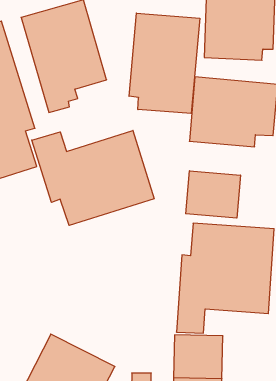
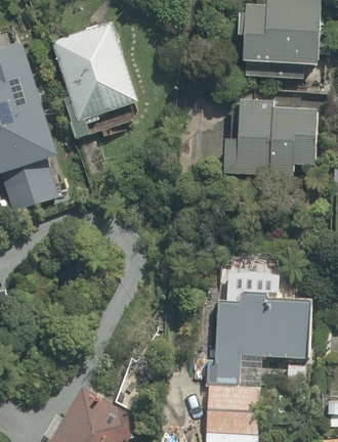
building: [129,13,200,113] -> none
building: [32,130,154,225] -> none
building: [186,171,240,218] -> none

